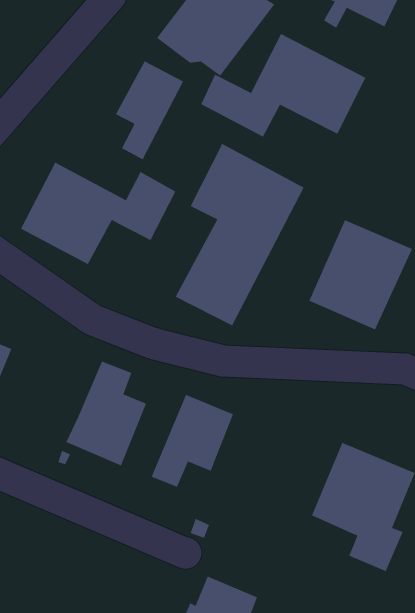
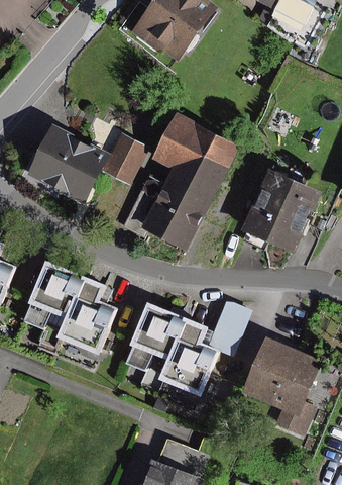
building: [200,33,366,138] -> none
building: [115,61,184,160] -> none
building: none -> [22,260,86,329]
building: none -> [160,301,249,397]

